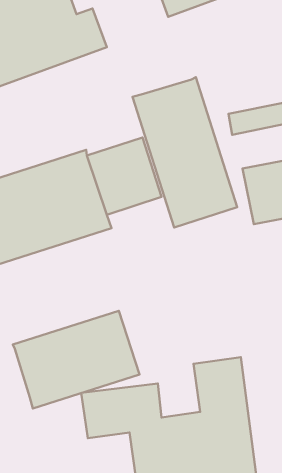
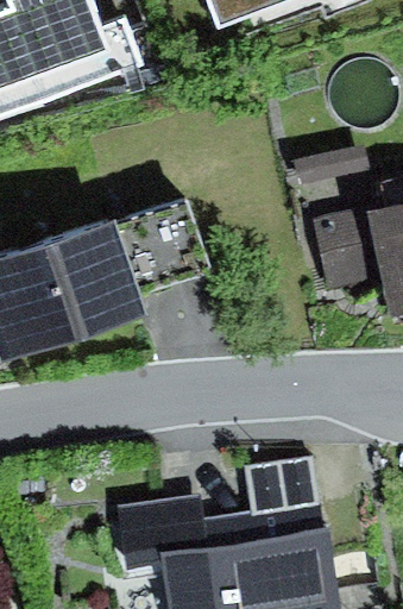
building: [132,77,237,228] -> none
building: [13,311,140,408] -> none

